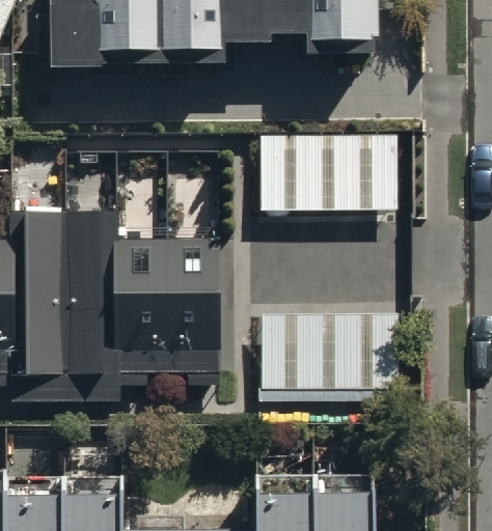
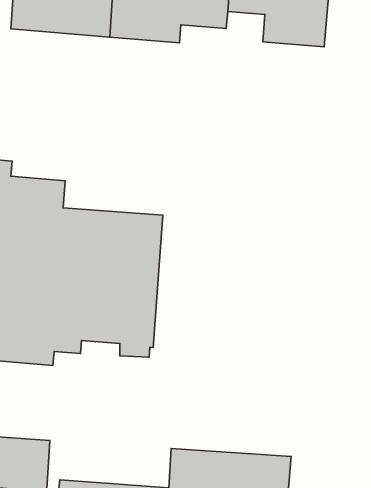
building: [258,133,398,215] -> none
building: [256,313,408,400] -> none

